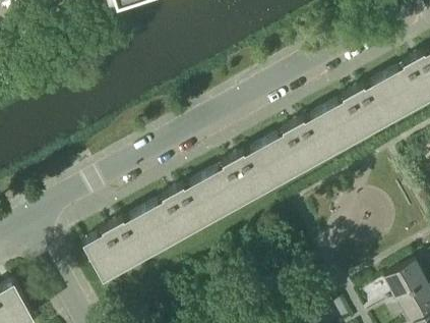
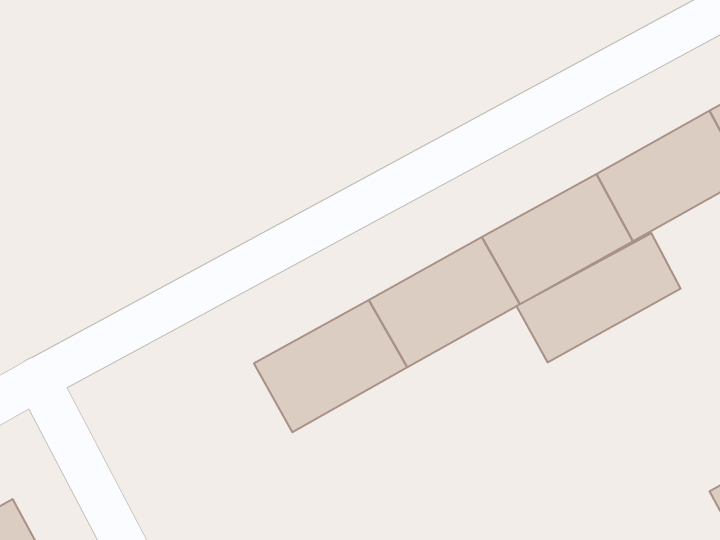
building: none -> [517,233,681,362]
building: [81,213,162,283] -> none

